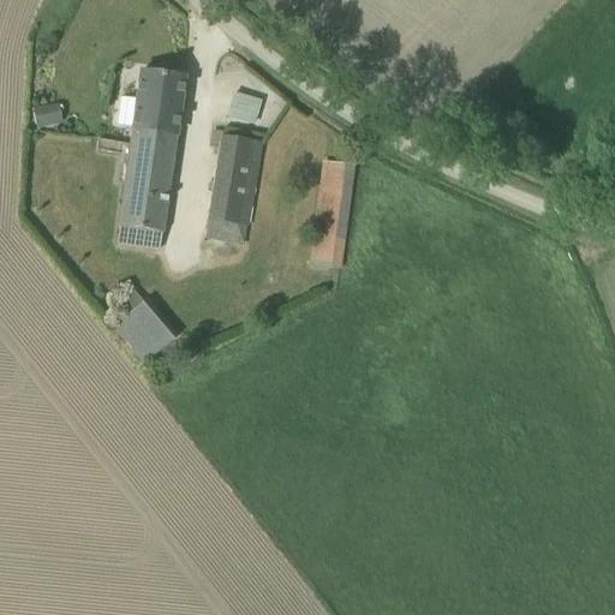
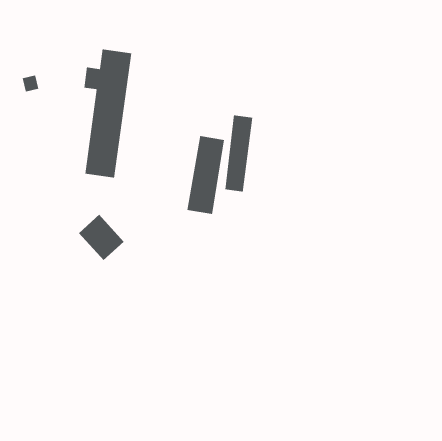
building: [226,88,261,120] -> none
building: [209,133,262,243] -> [187,135,225,215]

